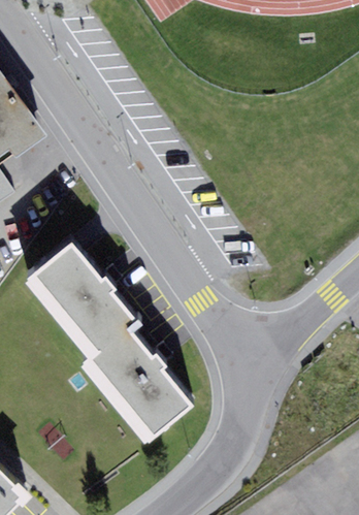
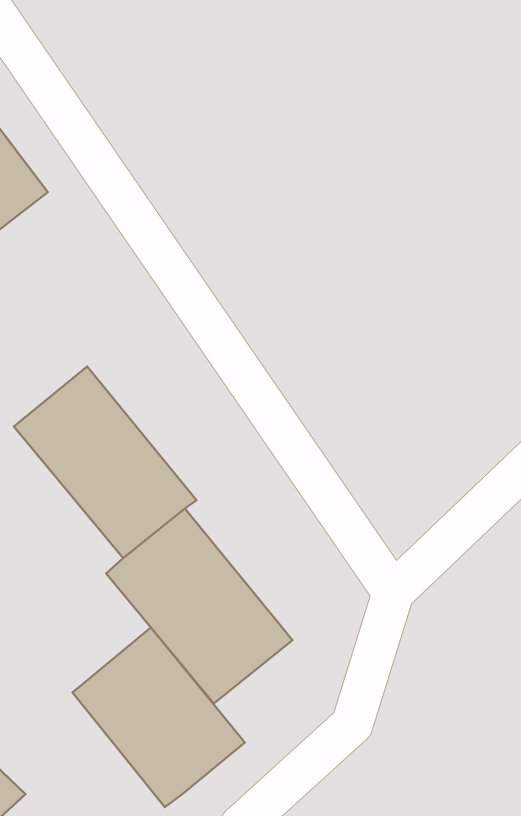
building: none -> [73,628,245,807]

